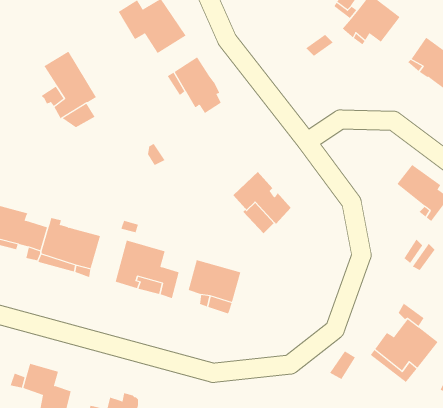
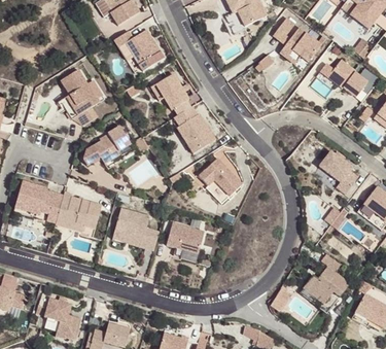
building: none -> [174,106,216,153]
building: none -> [83,125,131,165]

